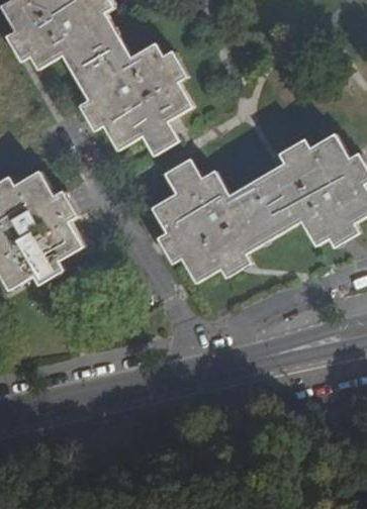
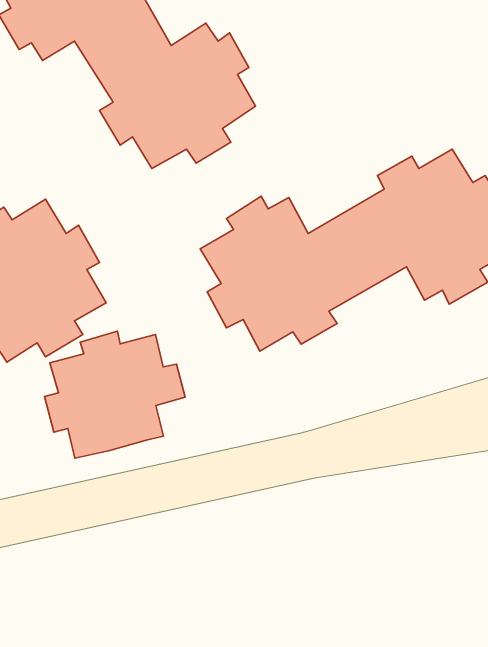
building: none -> [44,331,185,458]

